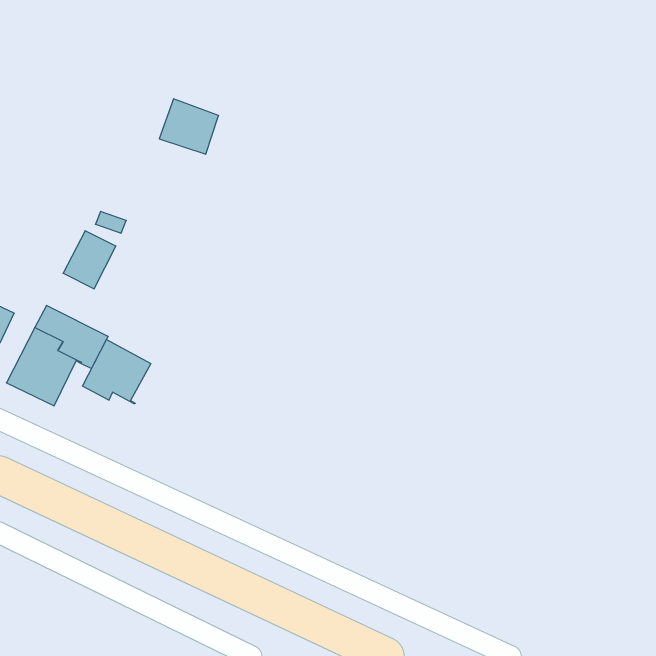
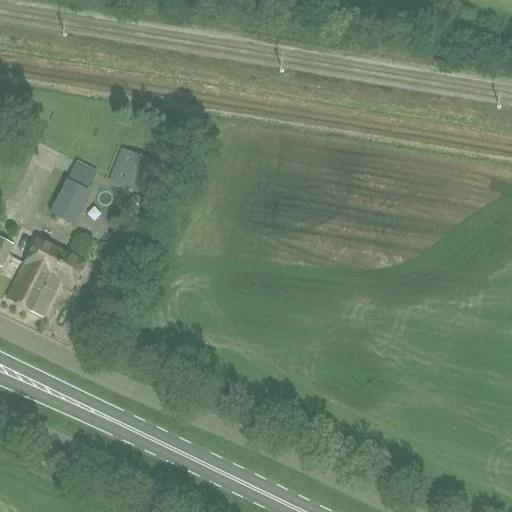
building: [159,99,219,154] -> [109,149,155,192]
building: [82,340,151,404] -> none

